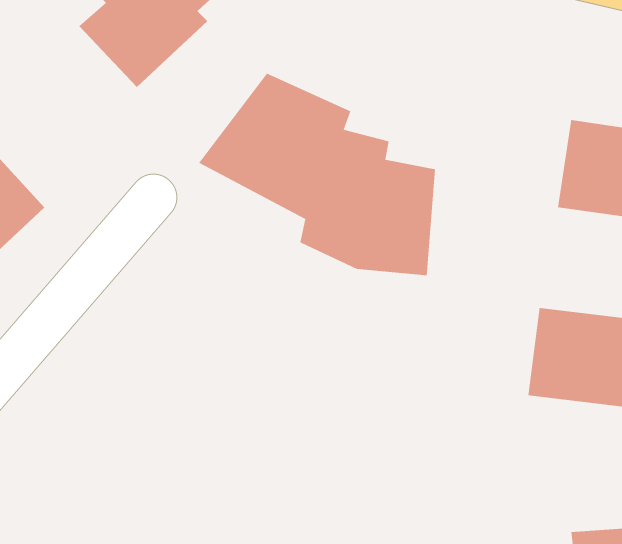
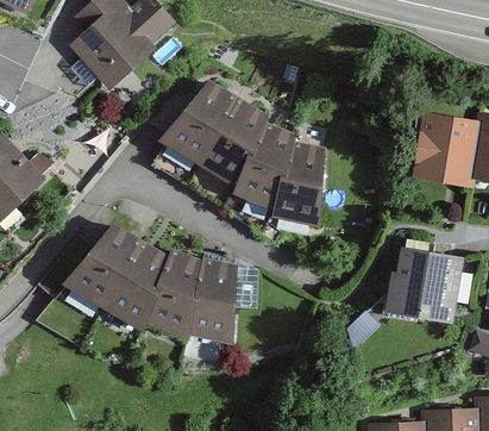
building: none -> [59,224,237,341]

